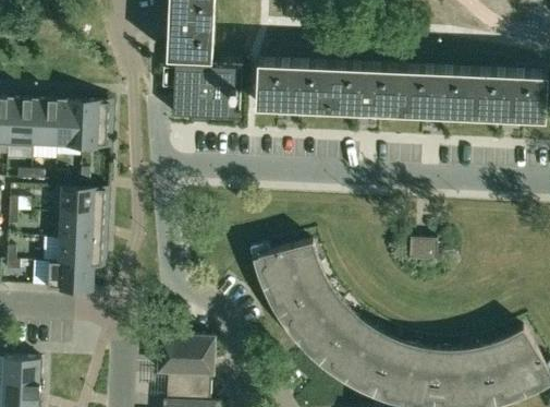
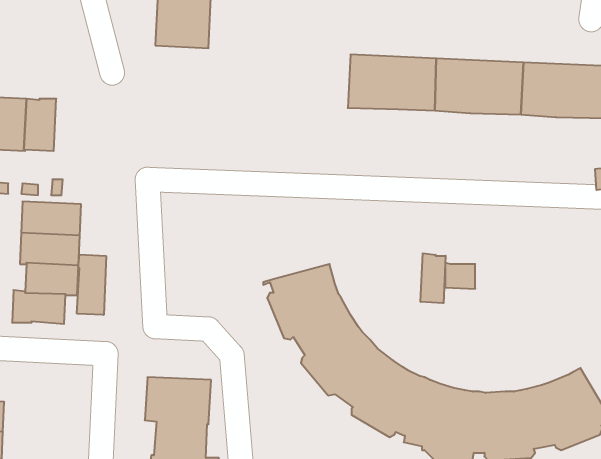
building: [255,63,329,111] -> none
building: [172,68,240,119] -> none
building: [81,104,107,148] -> none
building: none -> [421,253,446,303]
building: none -> [77,255,106,315]

